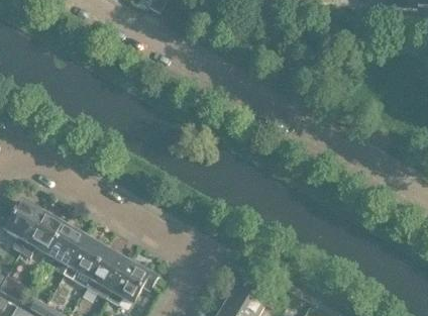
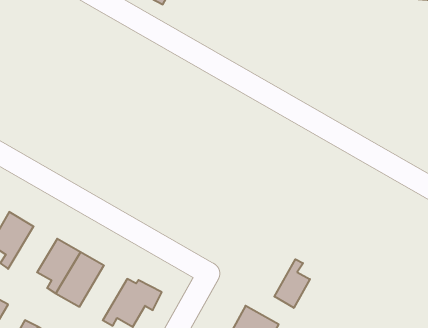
building: [20,212,65,255] -> none
building: none -> [274,259,310,308]
building: [85,247,128,297] -> none

